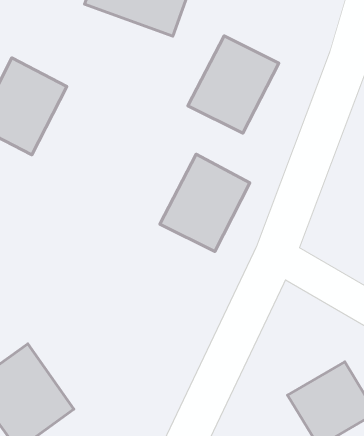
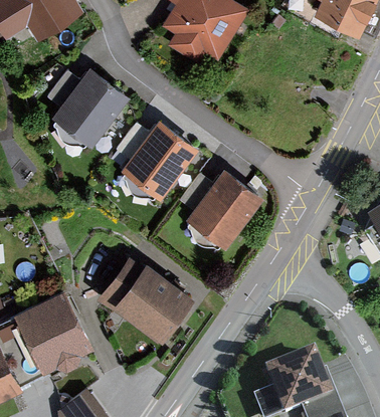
building: [188,36,279,133] -> [118,118,196,198]
building: none -> [92,250,192,344]

